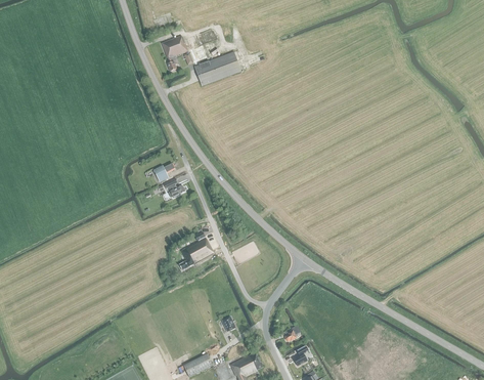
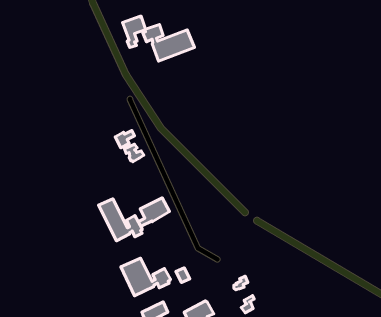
building: none -> [99,199,142,241]
building: none -> [121,258,170,296]

